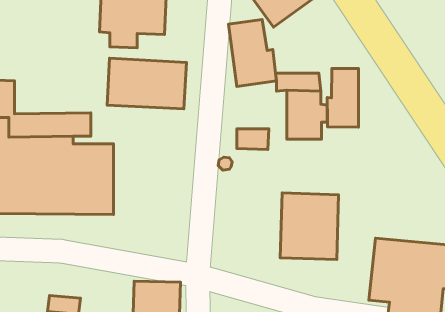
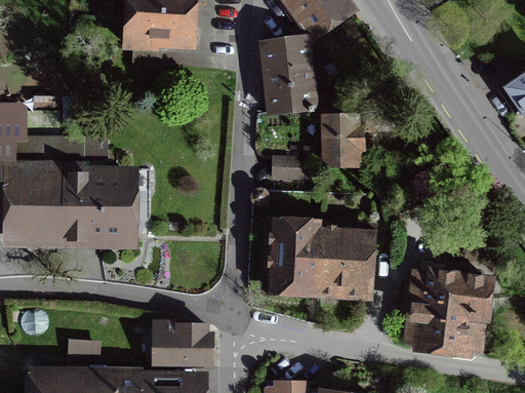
building: [107,58,187,109] -> none
building: [327,68,358,127] -> none
building: none -> [267,222,319,294]

